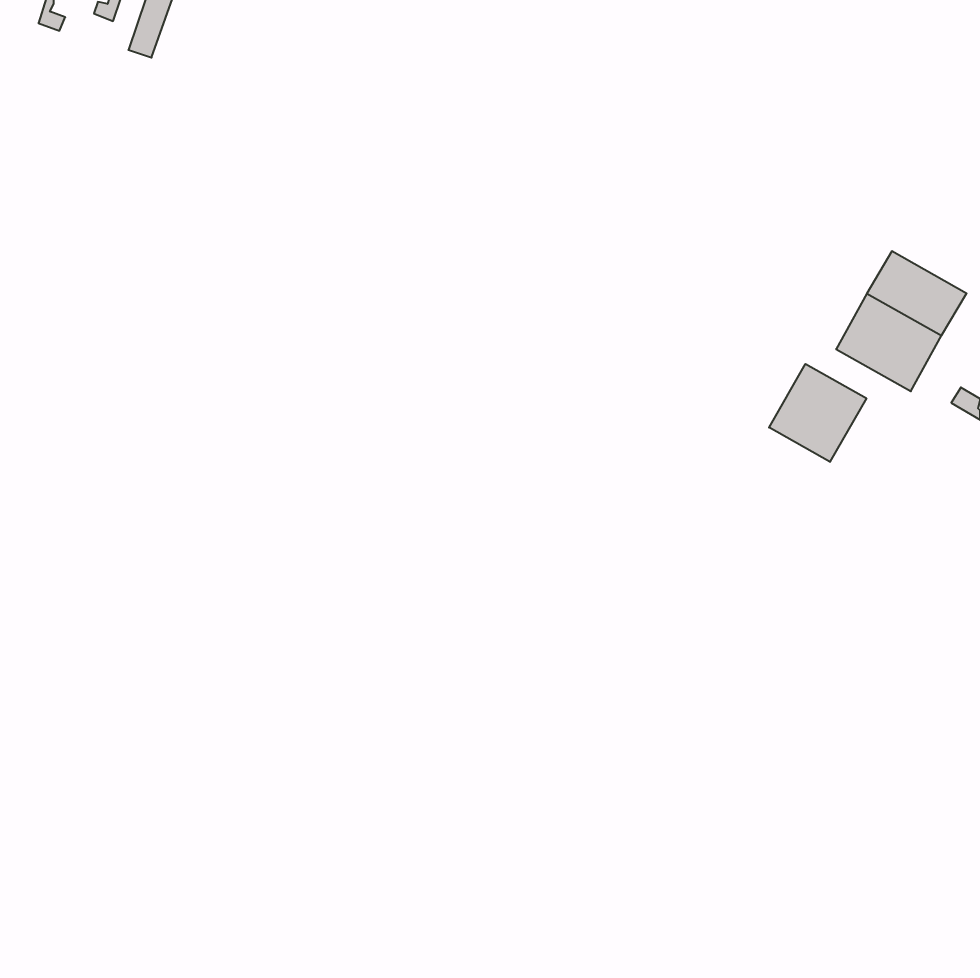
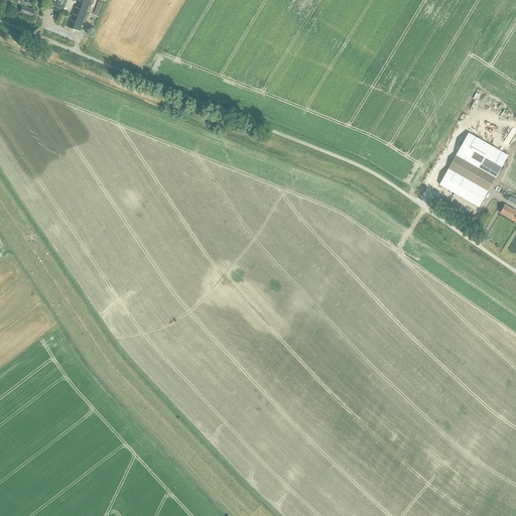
building: [769,364,866,462] -> none

